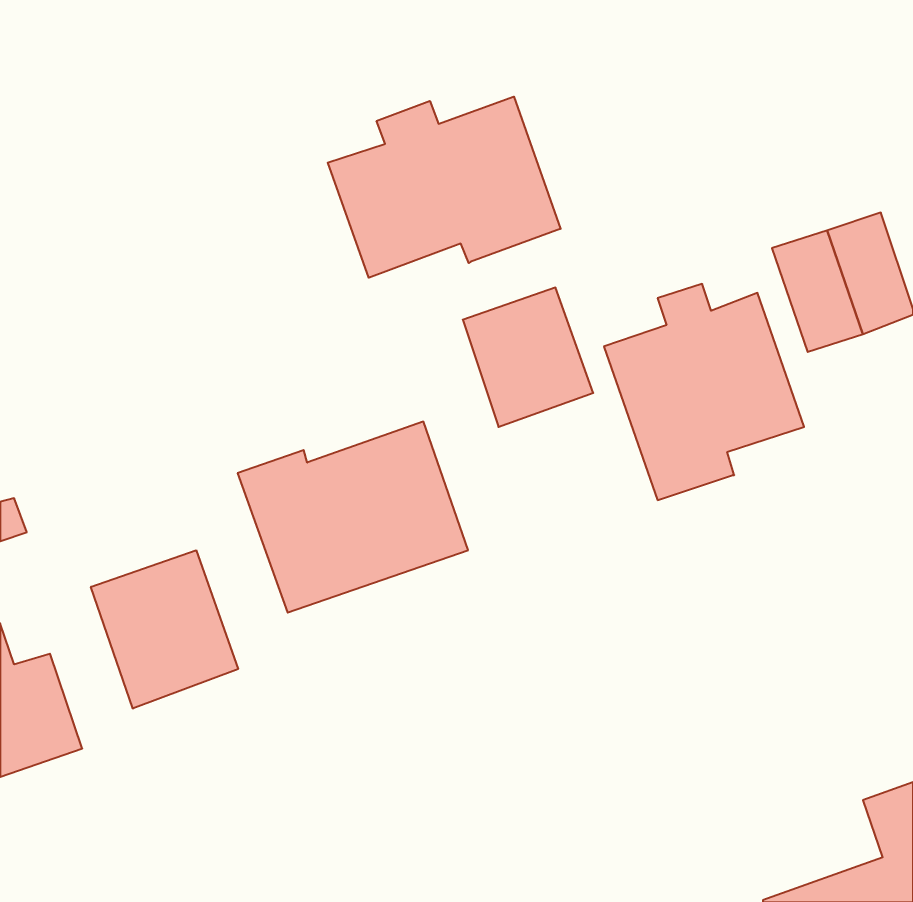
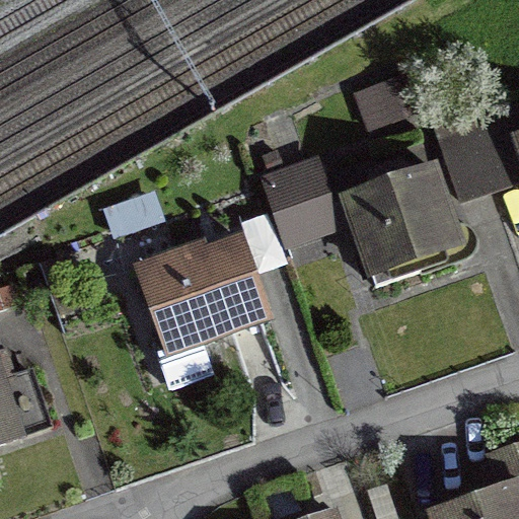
building: [328,97,561,278] -> none
building: [91,550,238,709] -> none

